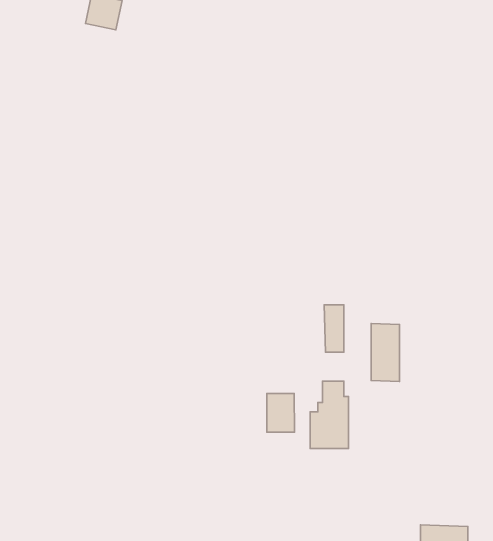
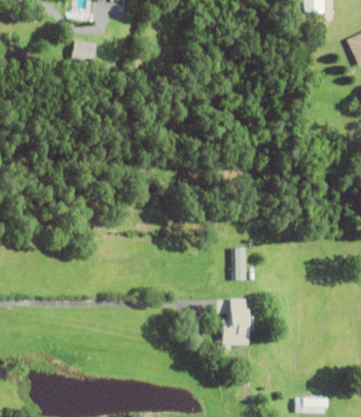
building: [371,324,400,381] -> none
building: [267,394,294,432] -> none

